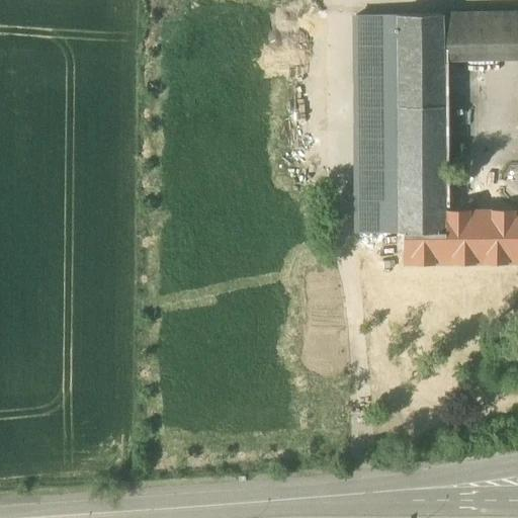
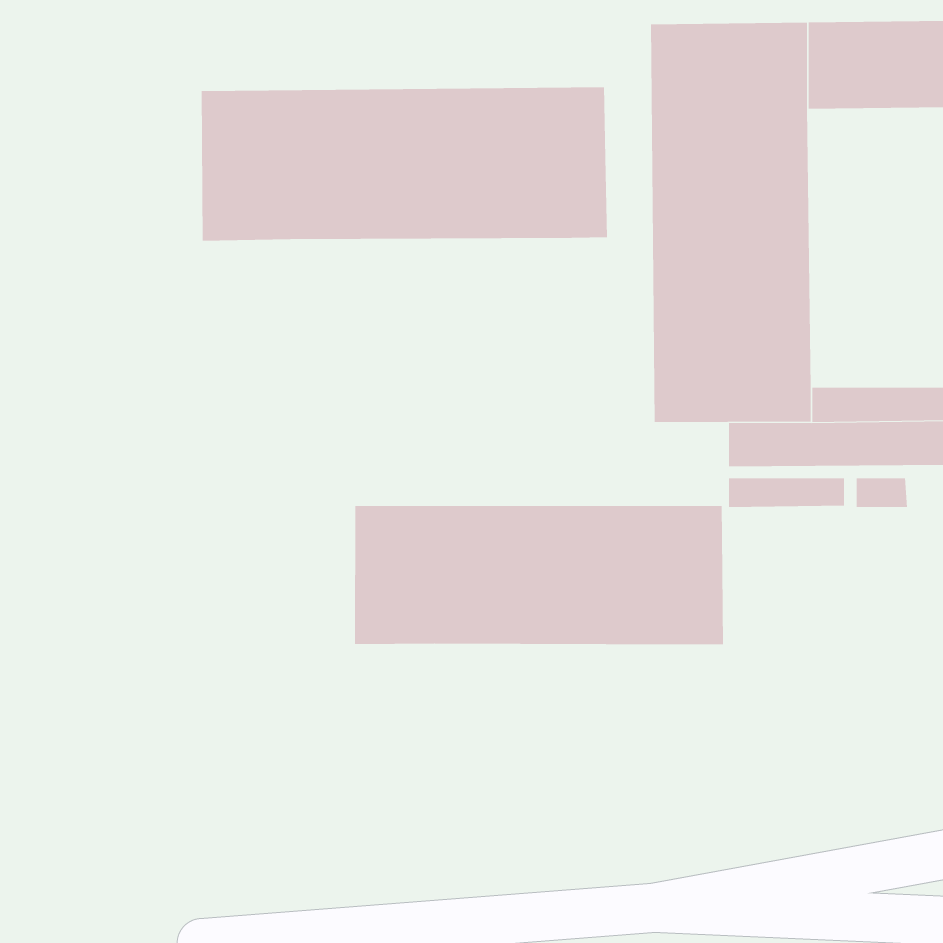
building: none -> [201,87,607,242]
building: none -> [354,505,724,645]

